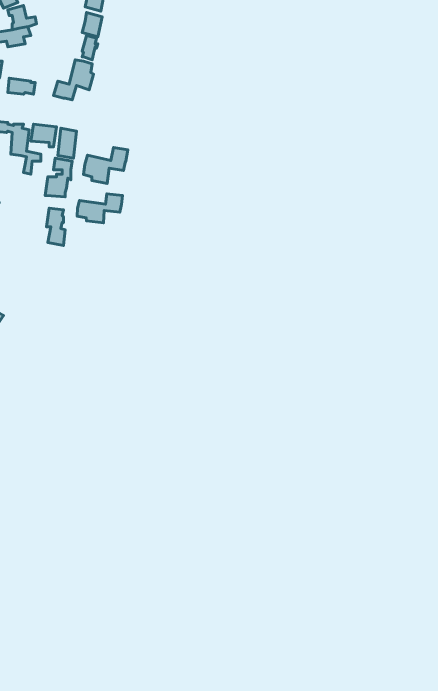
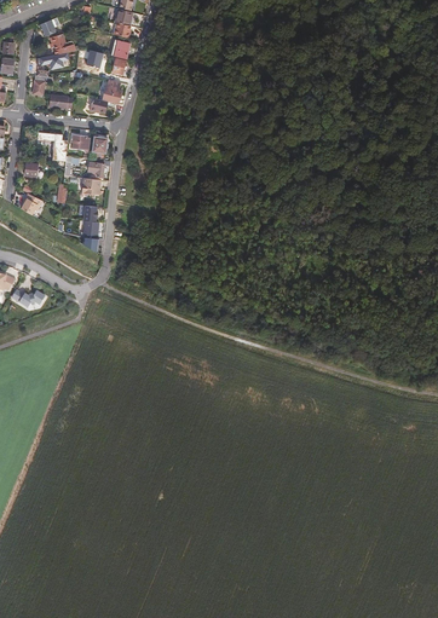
building: [84,147,128,183] -> none
building: [77,194,123,223] -> none

